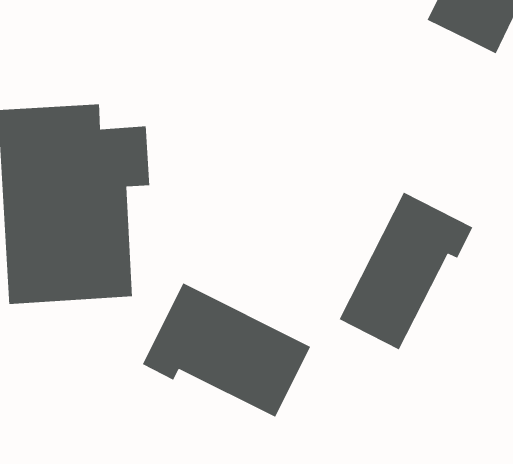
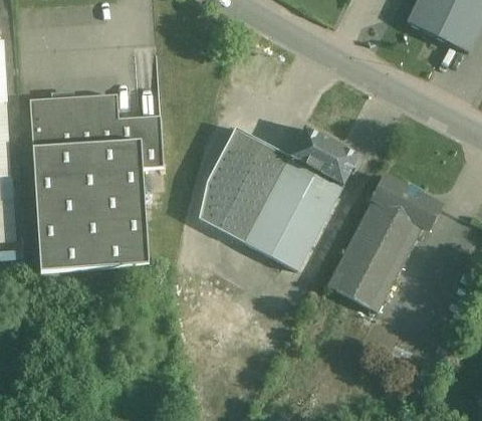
building: none -> [203,120,360,268]
building: [142,282,311,418] -> none

